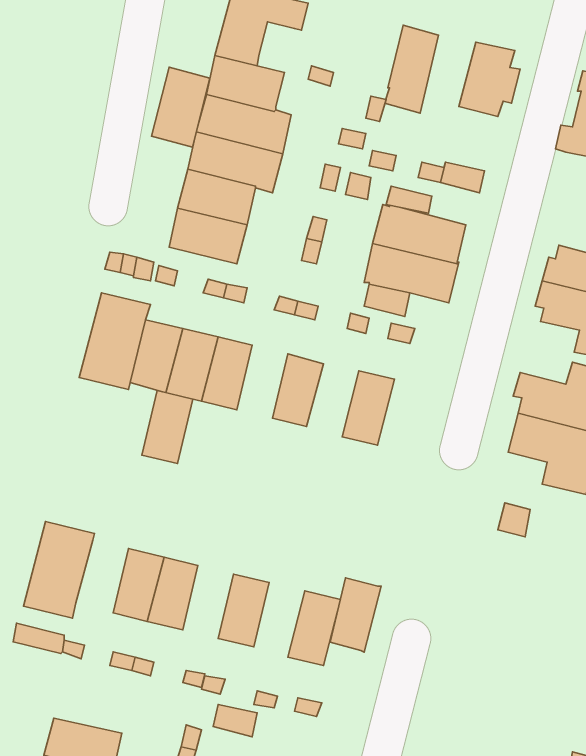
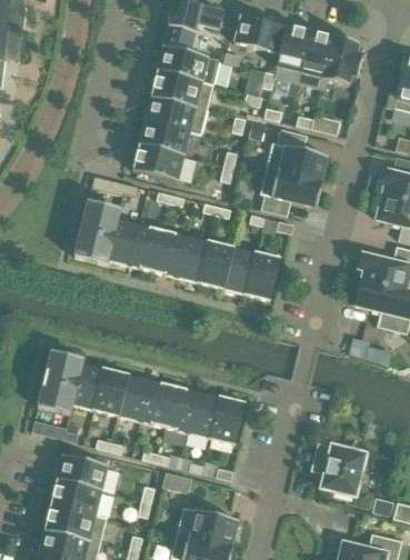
building: none -> [234,14,286,52]
building: none -> [298,31,334,88]
building: [152,67,210,147] -> none
building: none -> [223,247,258,294]
building: [142,391,193,464] -> [178,234,211,282]
building: none -> [72,362,107,410]
building: none -> [142,379,176,427]
building: [330,578,381,652] -> [189,390,222,439]
building: none -> [311,442,366,498]
building: none -> [58,453,109,489]

